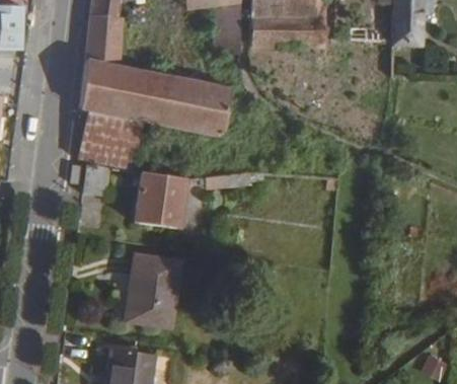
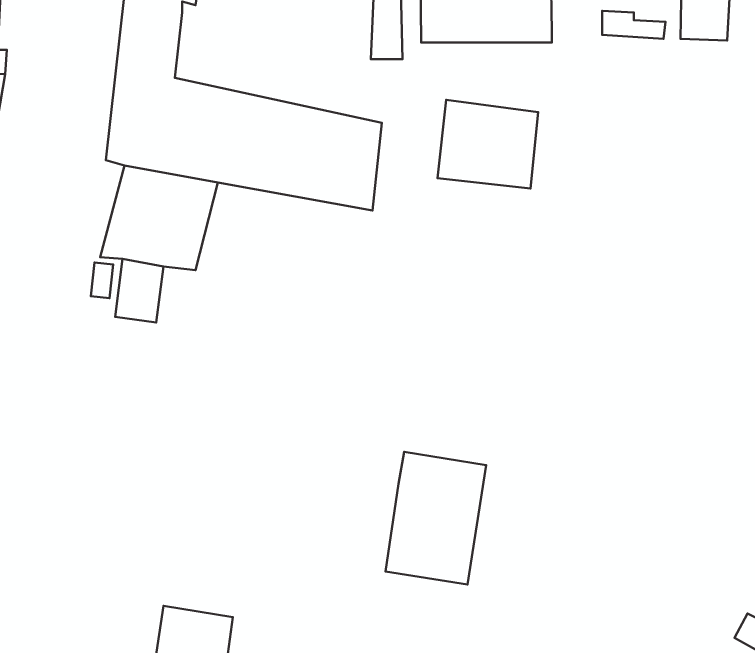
building: none -> [438,100,538,188]
building: [136,170,187,228] -> none
building: [123,253,177,325] -> [385,452,486,584]

